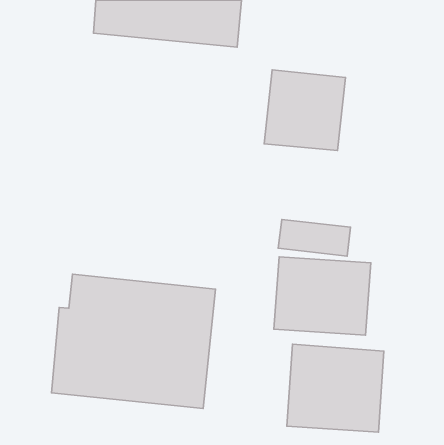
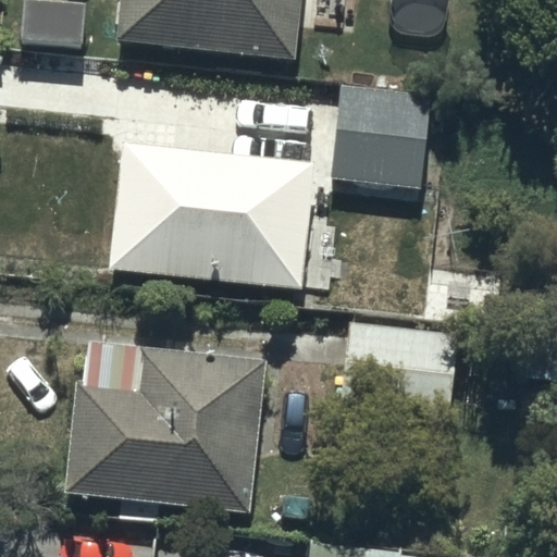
building: none -> [110,145,314,287]
building: [287,344,384,432] -> none

